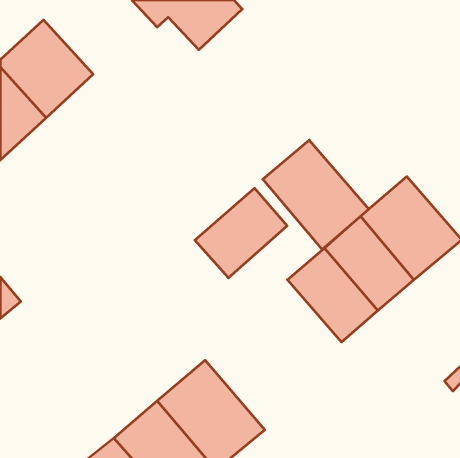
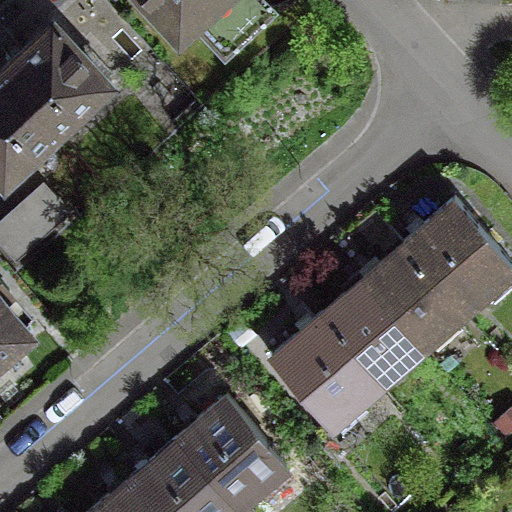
building: [263,140,369,249] -> none
building: [195,188,287,278] -> none
building: none -> [268,314,381,427]

